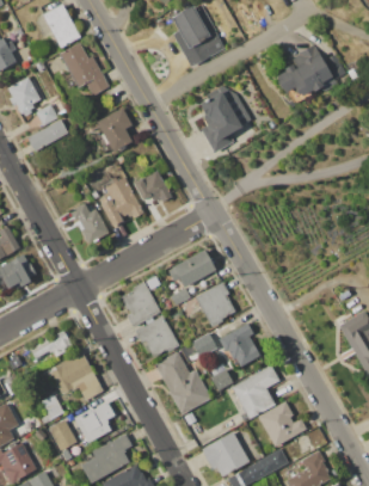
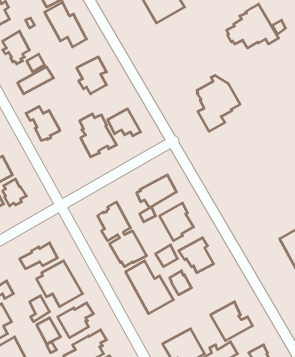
building: [201,85,252,152] -> [197,75,240,131]
building: [69,203,110,244] -> [26,106,60,140]
building: [232,365,281,419] -> none

